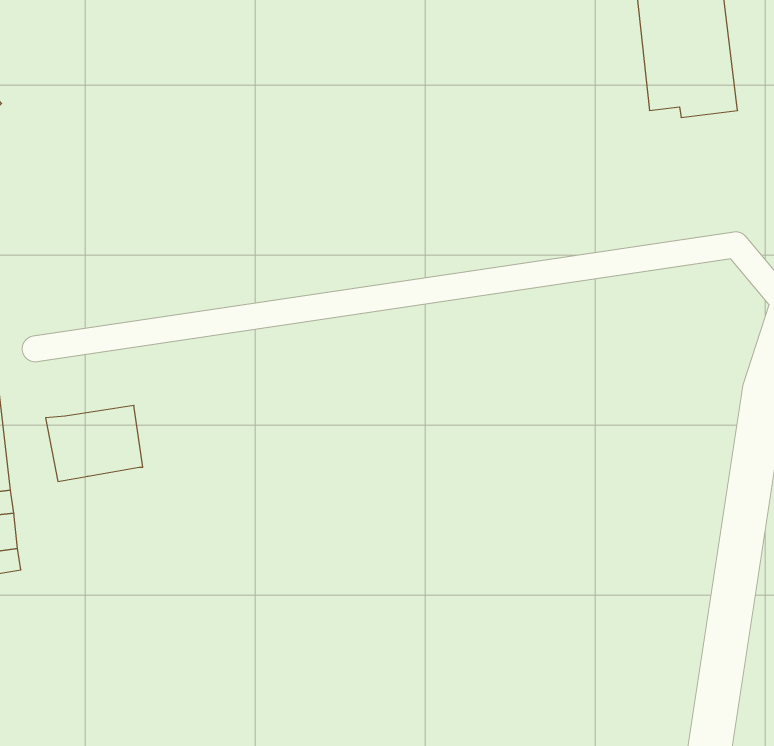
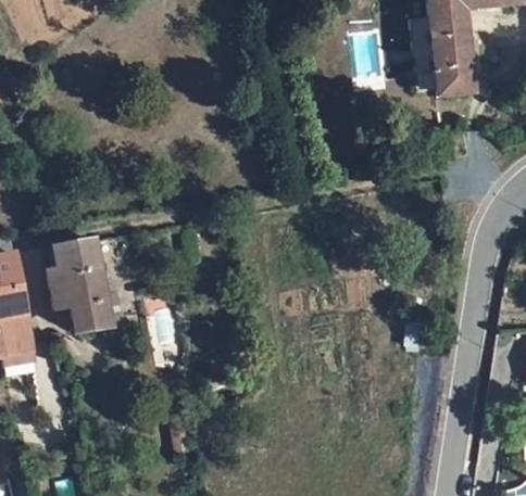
building: none -> [53,237,101,269]
building: none -> [73,301,110,334]

